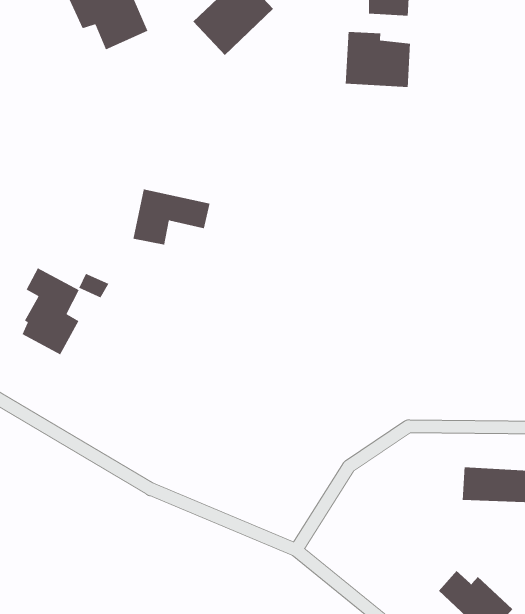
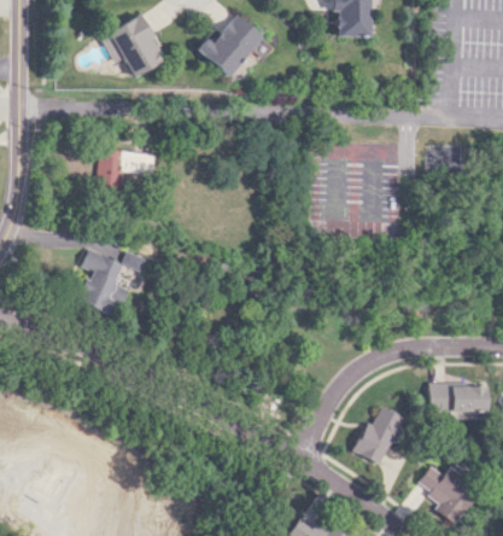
building: [345,31,411,88] -> none
building: [133,189,211,246] -> [96,147,156,191]
building: none -> [355,404,403,465]

